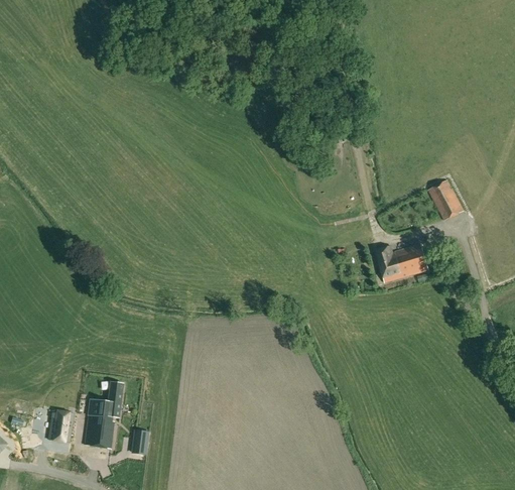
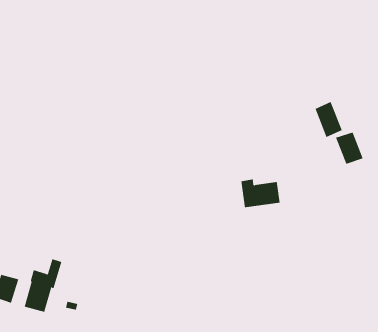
building: none -> [315,101,342,138]
building: [375,244,426,281] -> [240,179,280,208]

